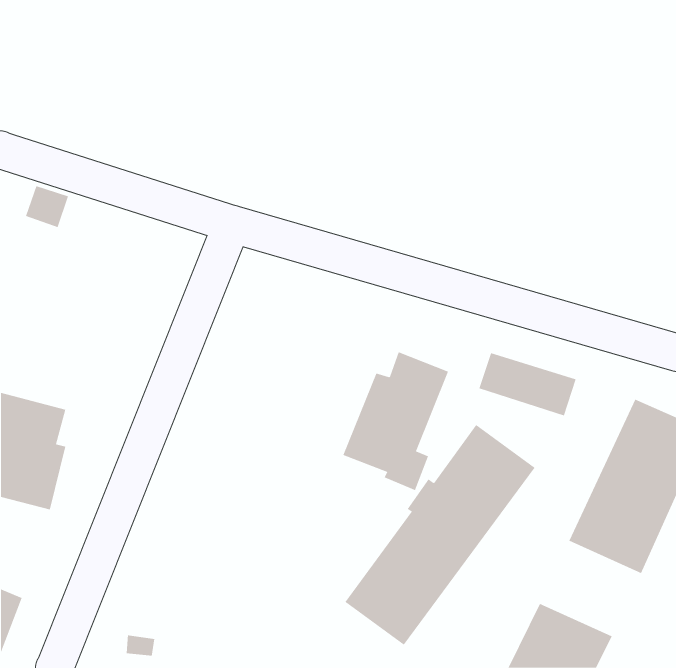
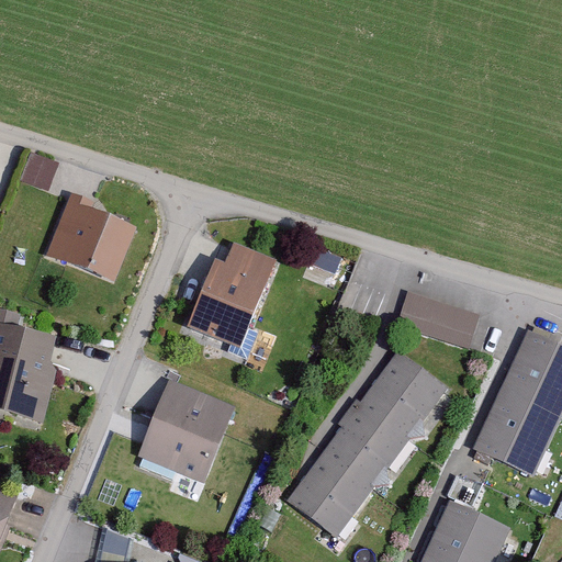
building: none -> [46,193,136,283]
building: [343,352,449,491] -> [188,241,276,357]
building: none -> [138,380,234,481]

